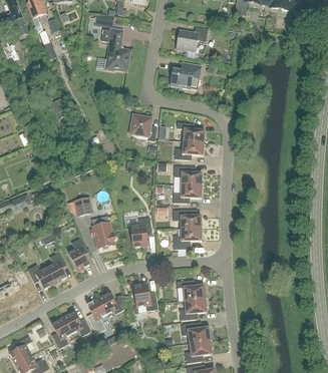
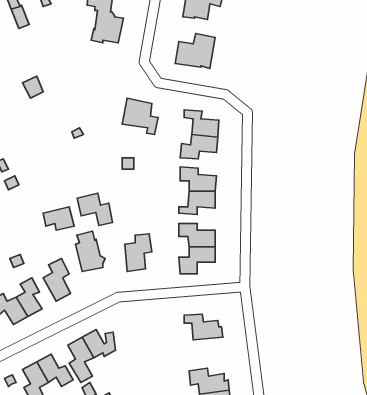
building: none -> [77,193,112,226]
building: [132,284,157,311] -> none
building: [179,299,208,321] -> none

